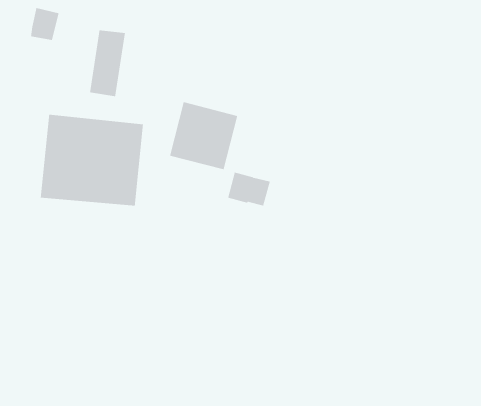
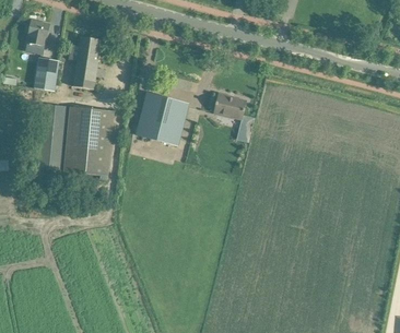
building: none -> [33,57,59,90]
building: [227,171,271,207] -> [213,92,247,119]

